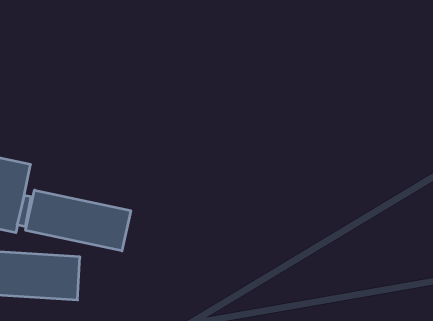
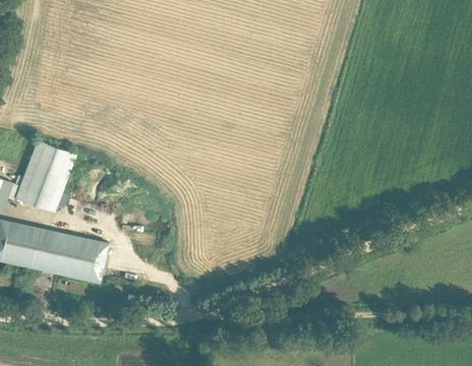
building: [26,190,131,251] -> none

